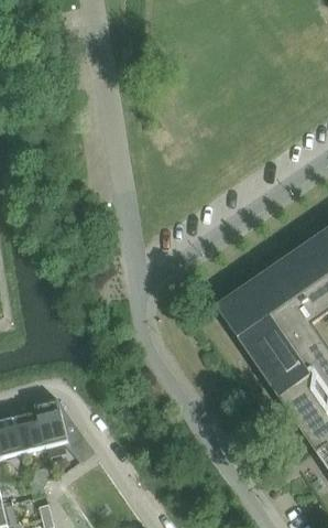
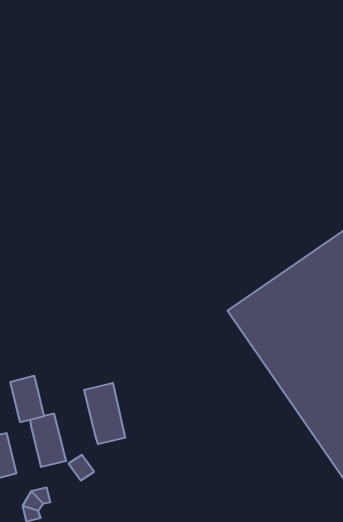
building: none -> [84,383,125,444]
building: [13,410,44,452] -> [10,376,44,422]

